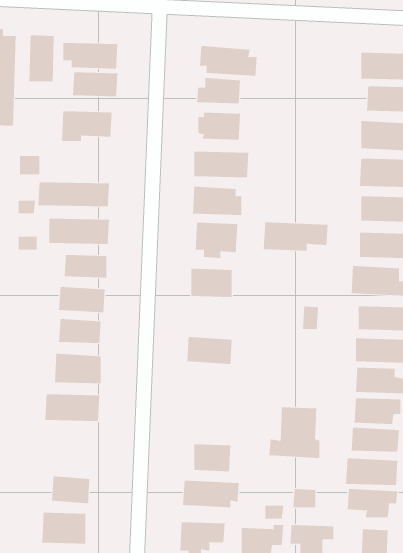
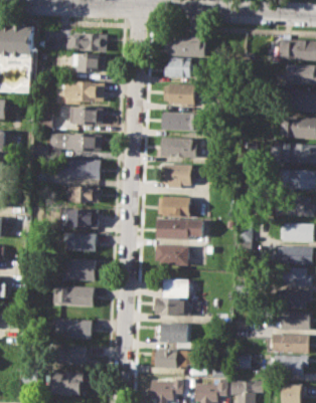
building: [29,34,54,82] -> none
building: none -> [67,107,102,125]
building: [263,222,328,251] -> [155,218,202,239]
building: [269,407,320,458] -> [153,279,190,317]
building: none -> [54,320,92,340]

